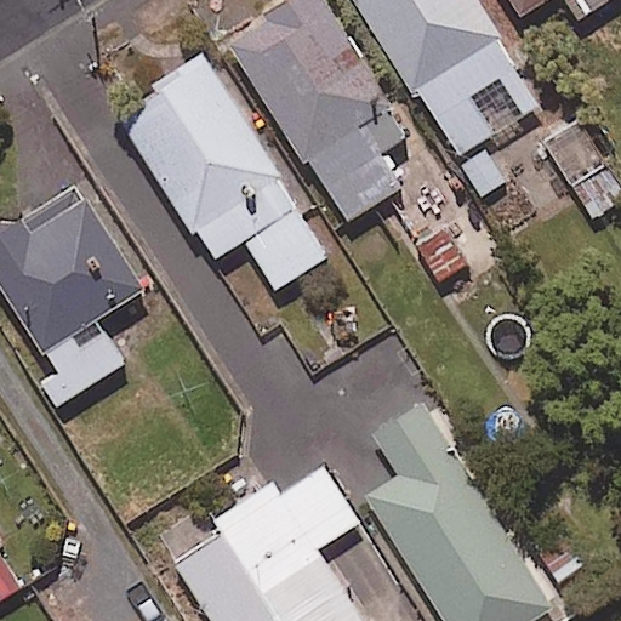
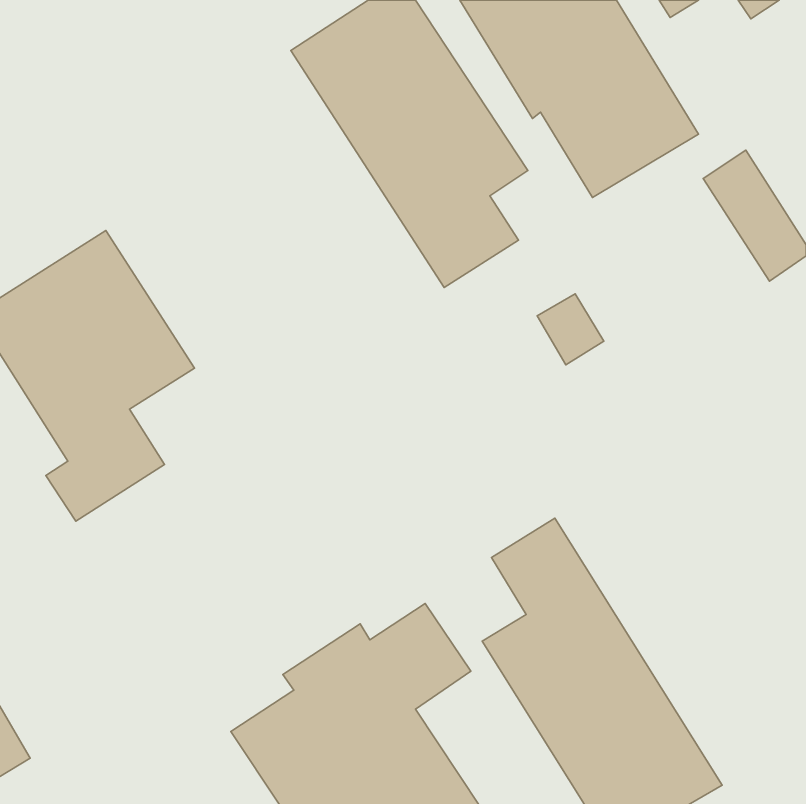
building: [115,56,323,289] -> none

